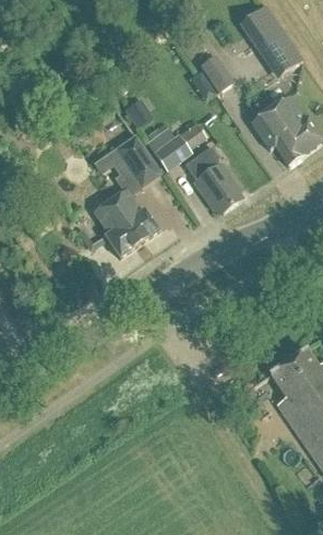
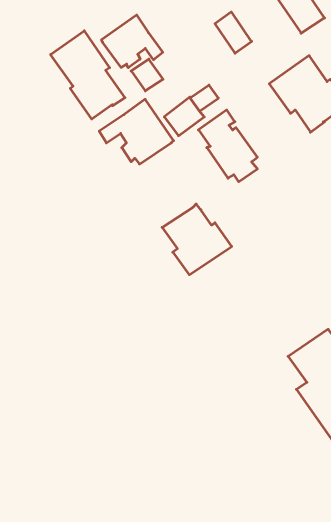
building: none -> [102,15,163,68]
building: none -> [51,31,125,119]
building: [94,190,158,255] -> [162,204,232,275]

